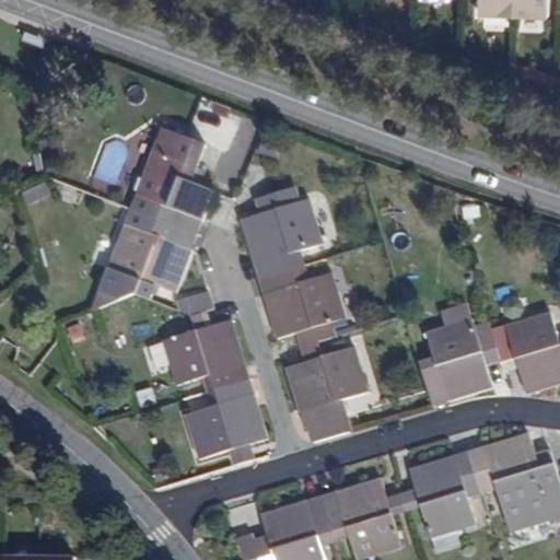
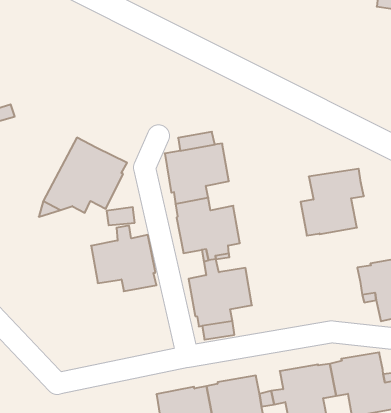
building: [130,127,213,234] -> none
building: [419,315,495,404] -> [301,169,364,236]
building: [185,380,266,465] -> none

